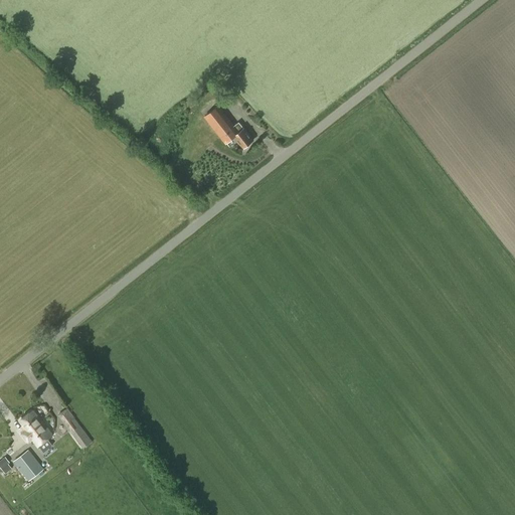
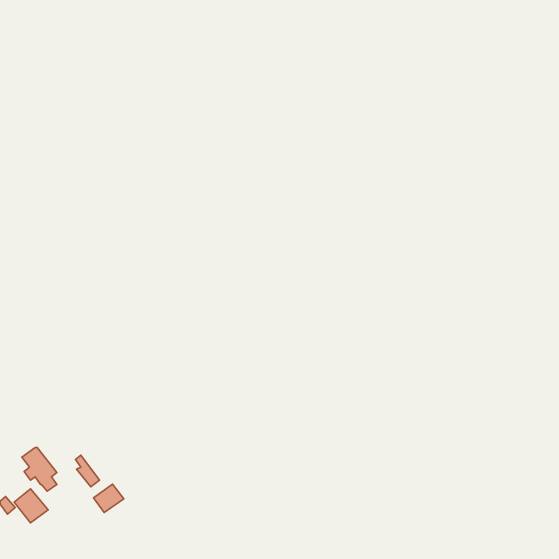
building: [204,106,252,148] -> none
building: none -> [94,484,124,512]

